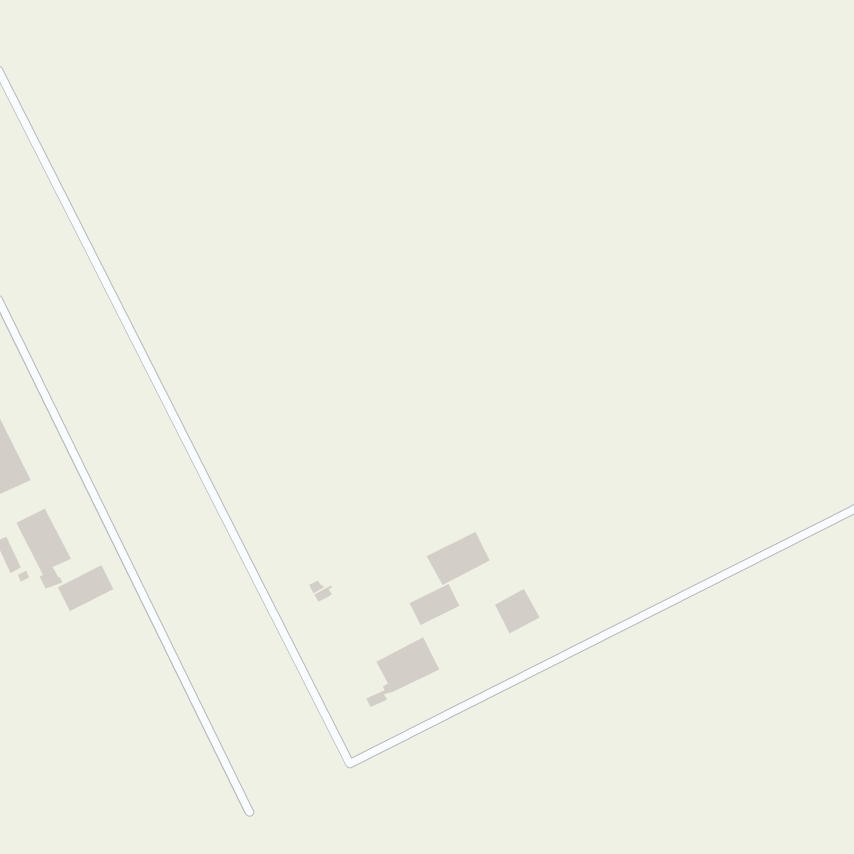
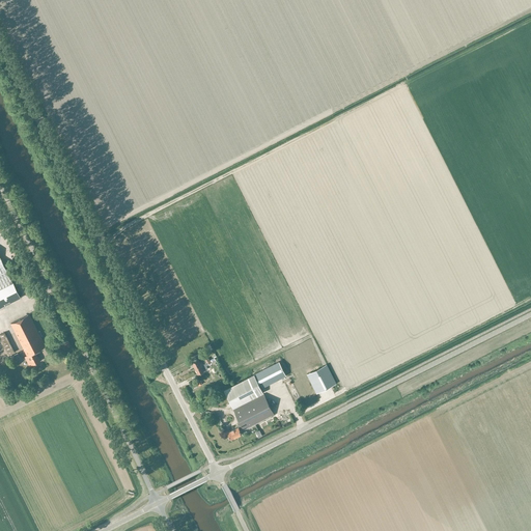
building: [425,531,491,586] -> [222,374,262,409]
building: [57,564,115,612] -> none

